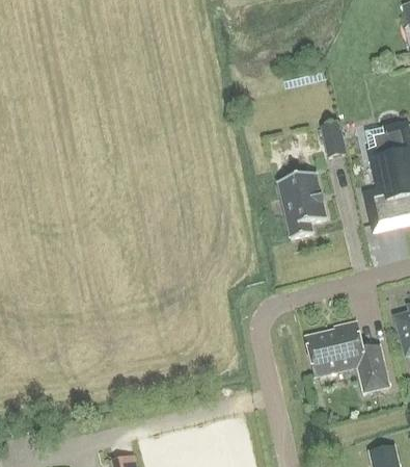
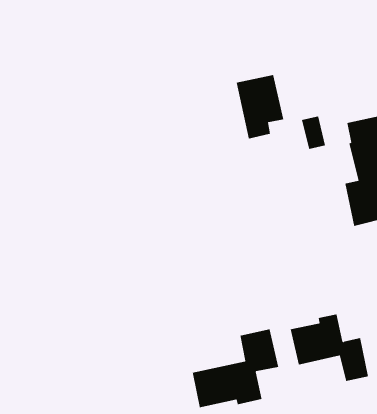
building: [278,172,327,237] -> [236,74,284,139]
building: none -> [192,329,279,408]

